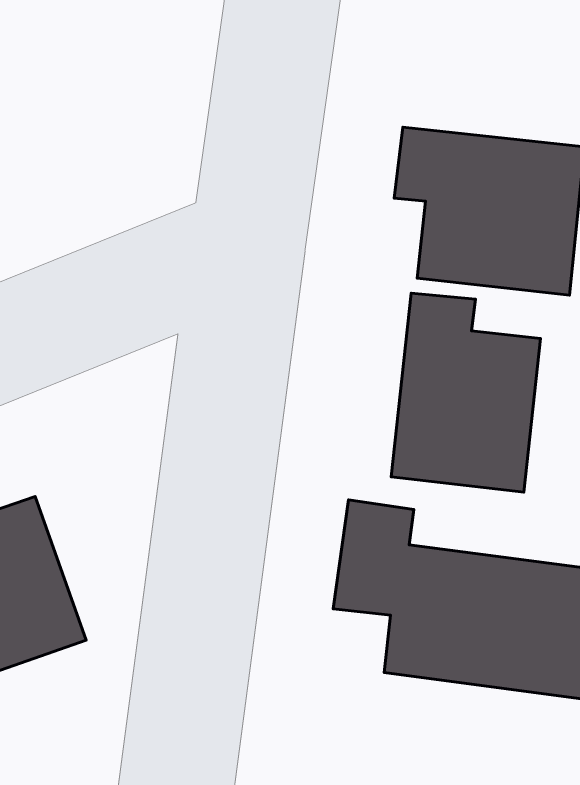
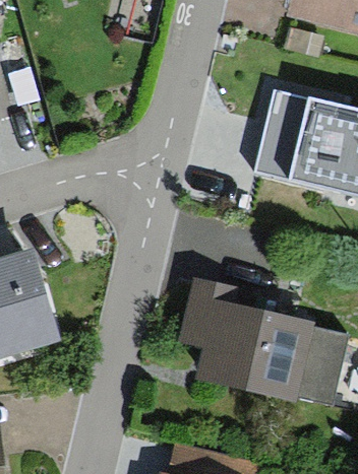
building: [391,293,540,492] -> none

